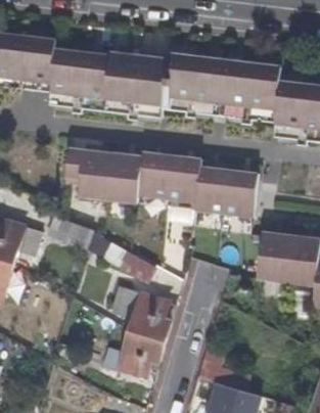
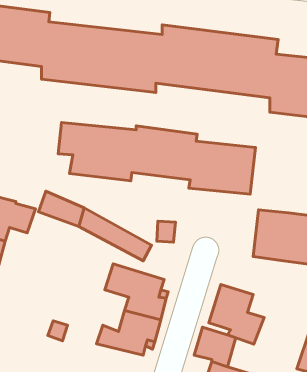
building: none -> [209,285,264,344]

